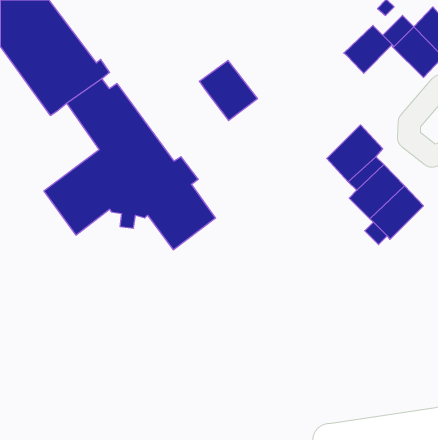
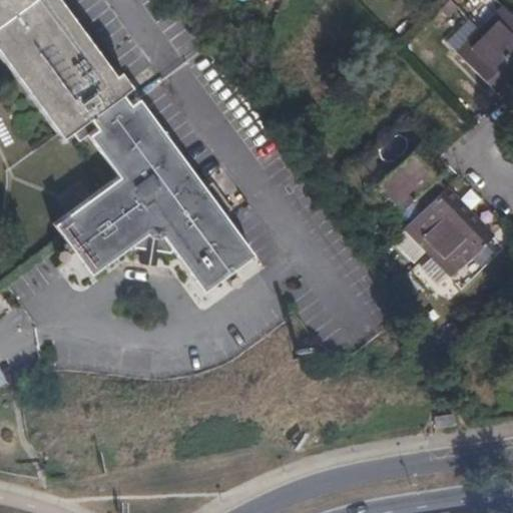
building: [344,25,392,73] -> none
building: [199,60,257,121] -> none

